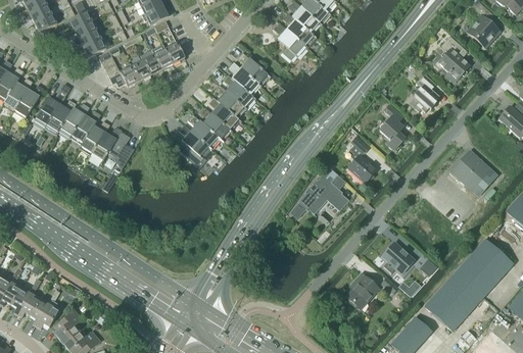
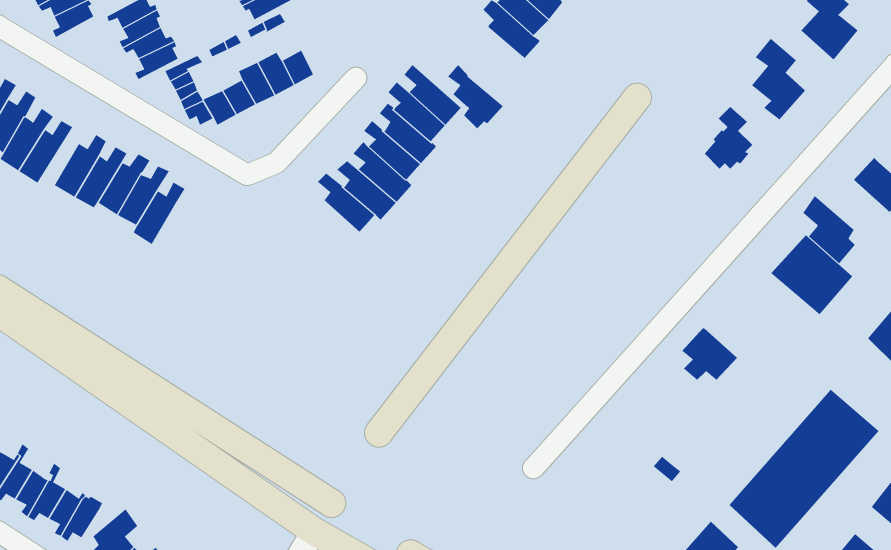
building: [273,22,305,60] -> [447,64,503,129]
building: [380,105,407,151] -> none
building: [176,123,210,165] -> none
building: [90,127,133,168] -> none
building: none -> [803,195,856,264]
building: [349,137,377,183] -> none
building: [299,164,348,214] -> none
building: [381,243,414,273] -> [682,328,738,381]
building: [346,273,379,310] -> none

